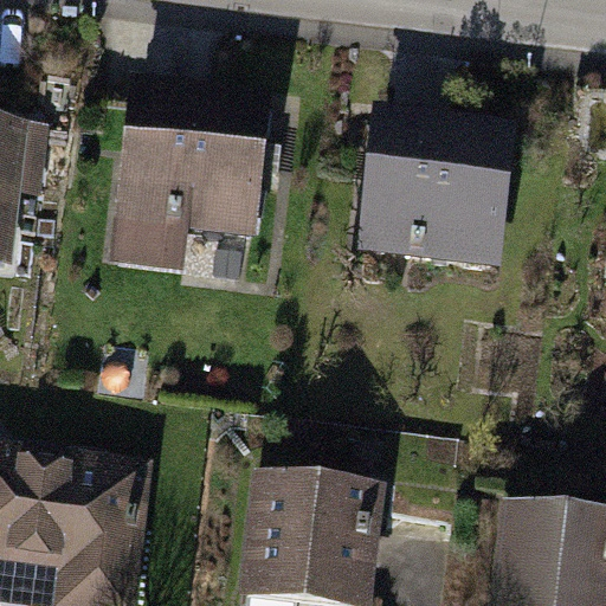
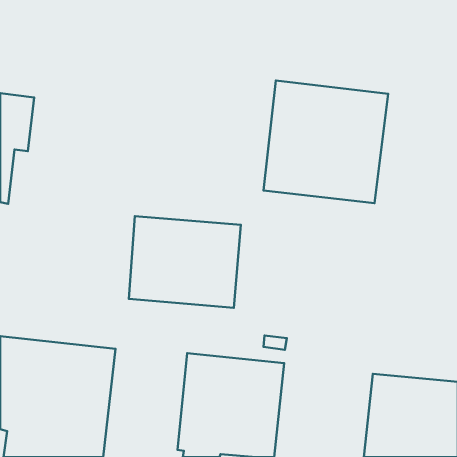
building: [112,83,267,276] -> none
building: none -> [129,216,241,308]

